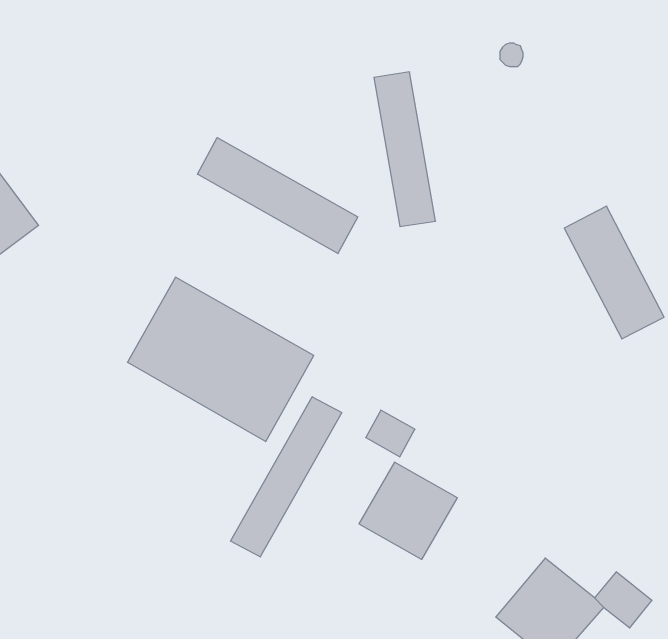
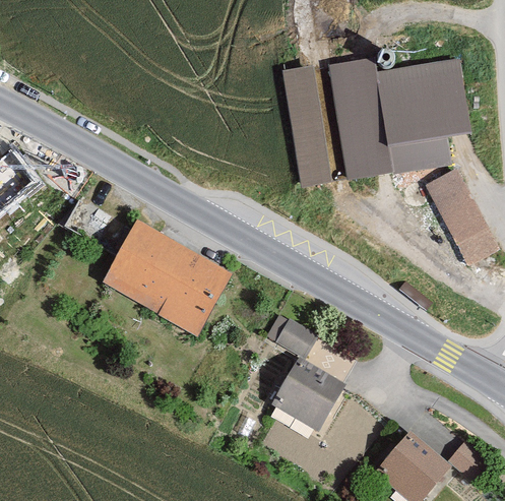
building: none -> [330,59,466,176]
building: [197,138,358,254] -> none
building: [231,397,342,557] -> none

